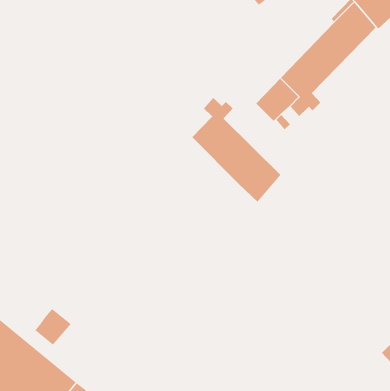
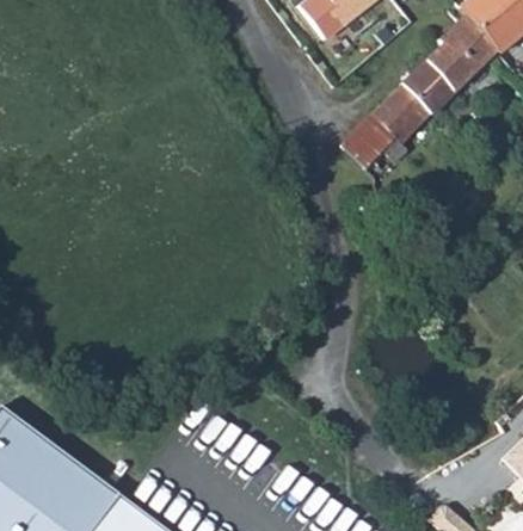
building: [191,97,281,203] -> none
building: [35,308,71,345] -> none

